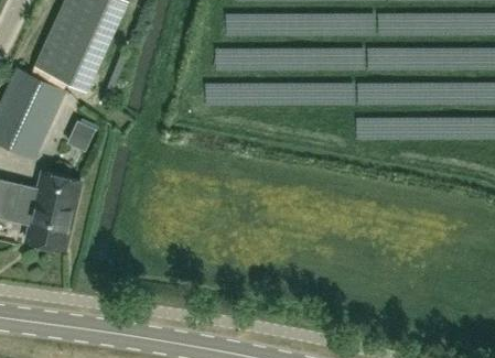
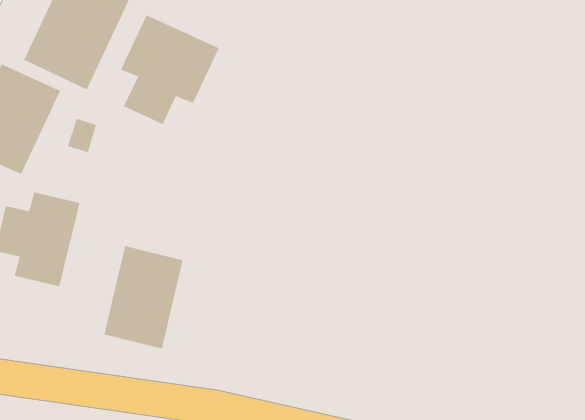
building: none -> [120,14,220,125]
building: none -> [103,245,183,349]

